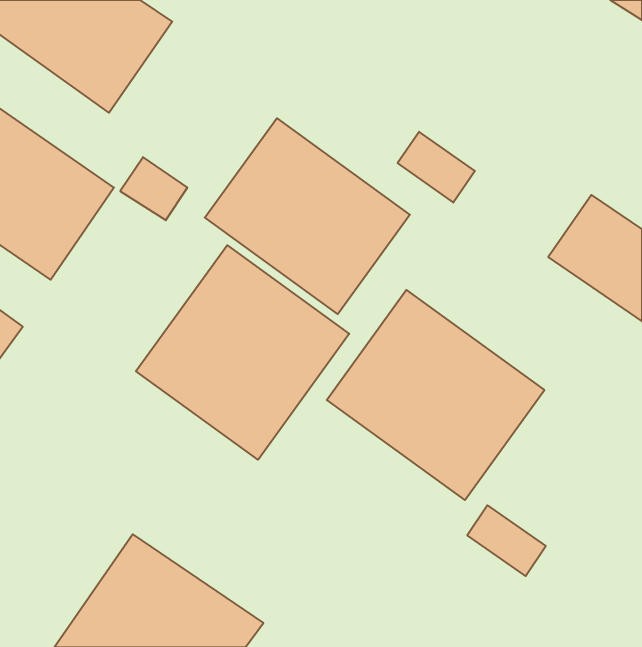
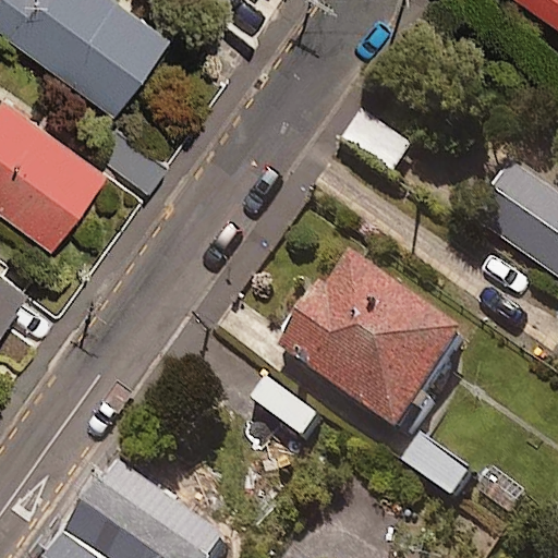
building: [205,118,410,314] -> none
building: [136,245,349,460] -> none

